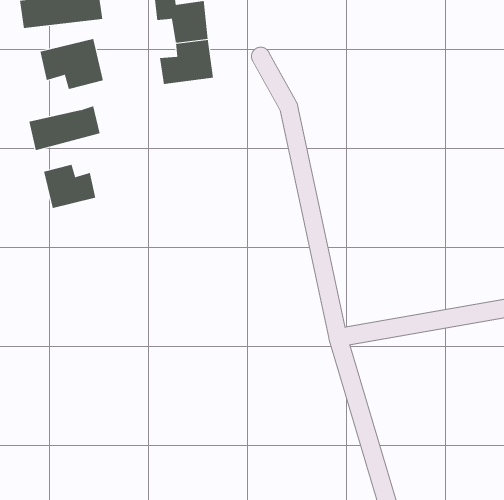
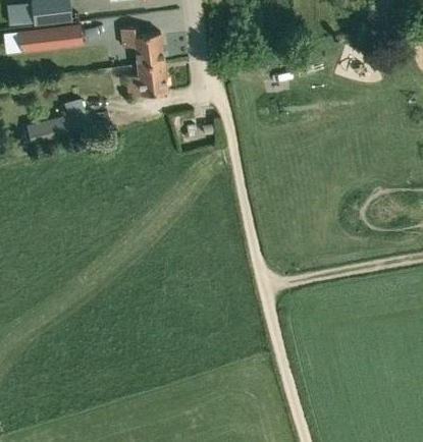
building: [40,38,104,90] -> none
building: [44,164,96,209] -> none

